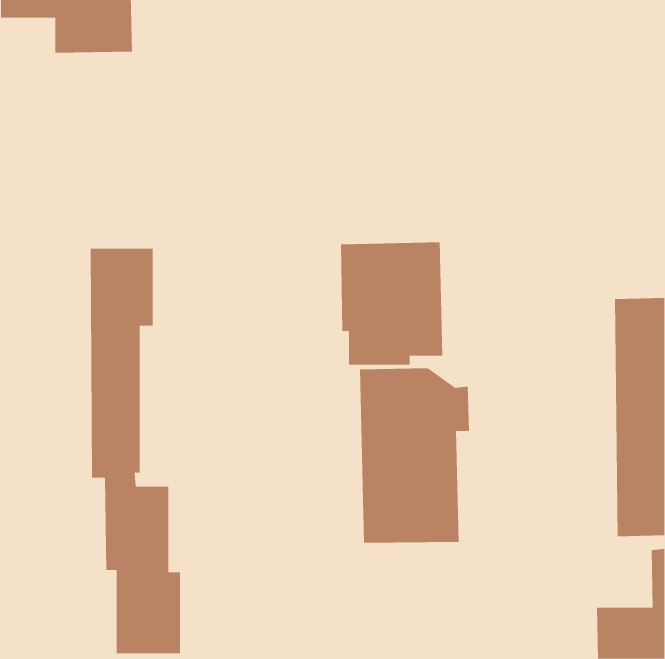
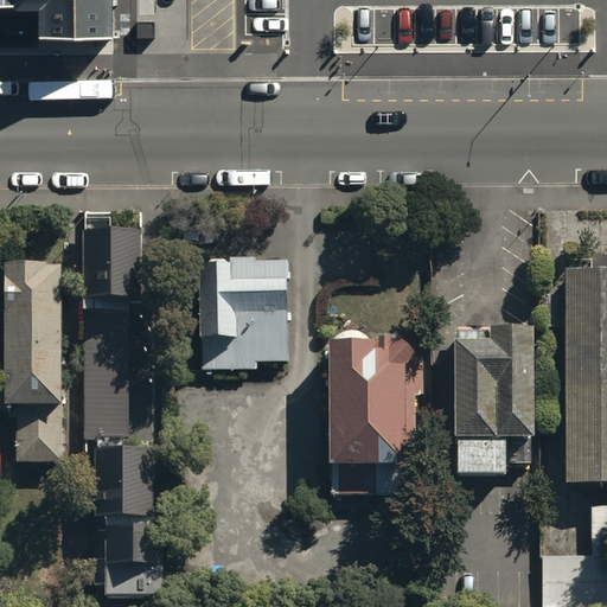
building: [340,242,443,365] -> [196,255,289,368]
building: none -> [8,264,65,458]
building: none -> [455,324,536,473]

